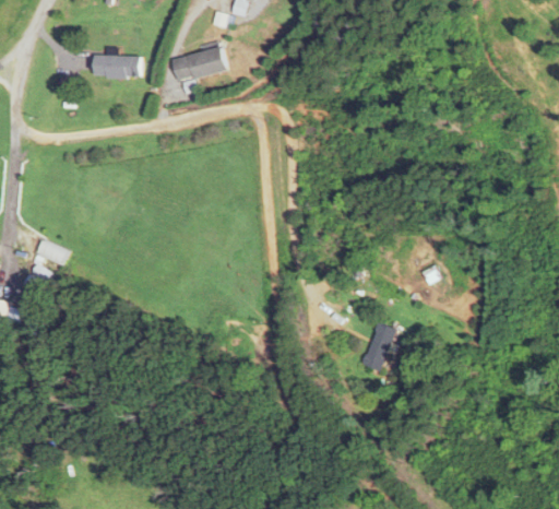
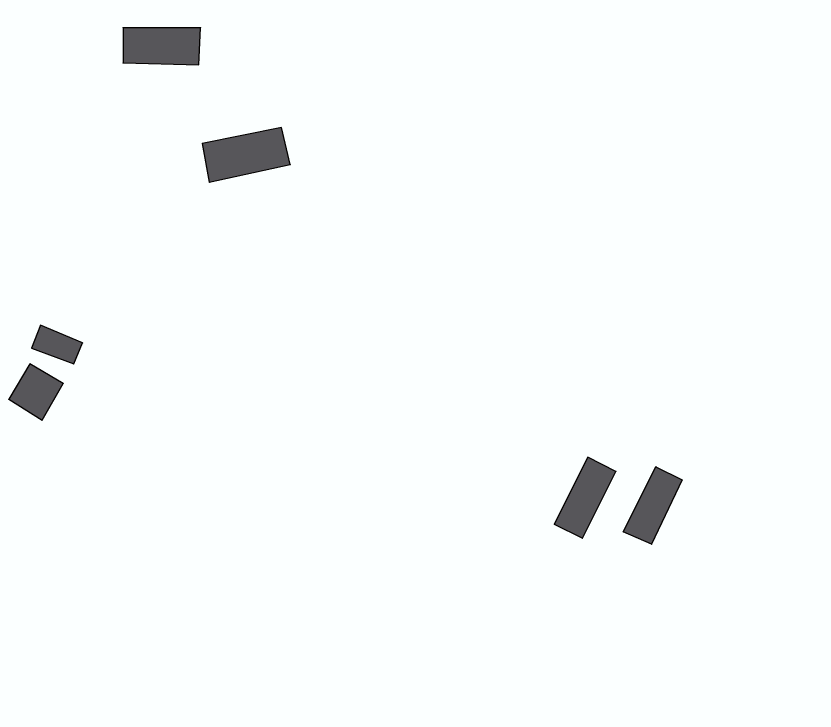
building: [171,48,226,82] -> [202,128,290,182]
building: none -> [623,467,682,544]

